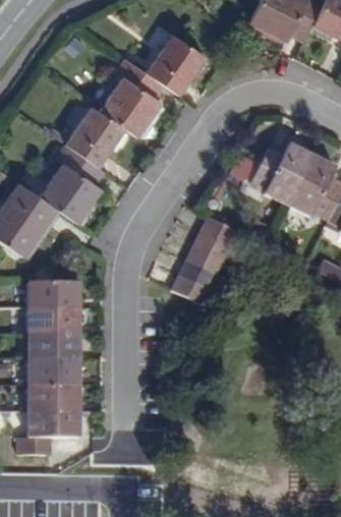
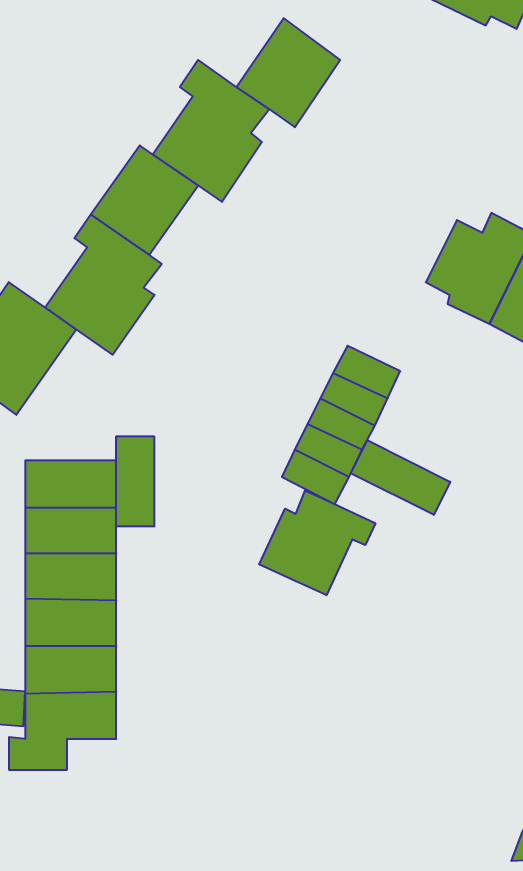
building: none -> [116,436,154,527]
building: none -> [351,440,450,515]
building: none -> [259,490,375,595]

